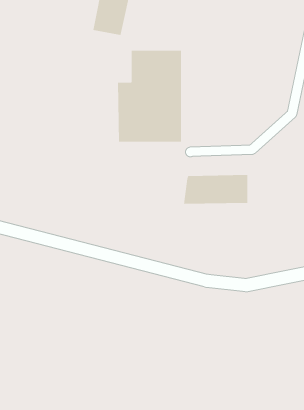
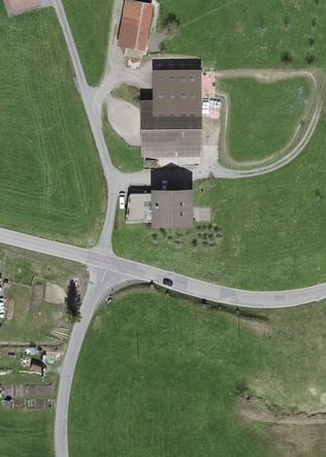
building: [183,175,248,204] -> [125,191,188,220]

